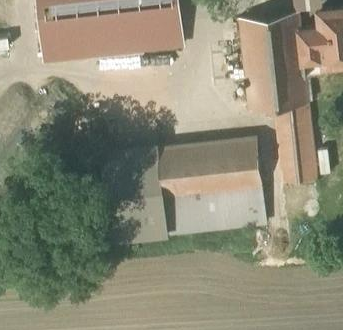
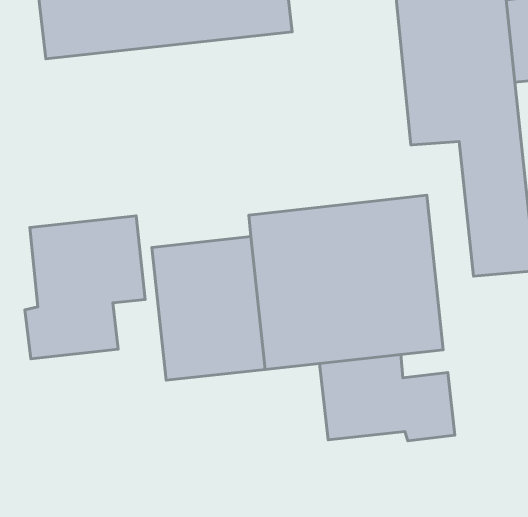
building: none -> [25,216,145,359]
building: none -> [320,355,455,441]

